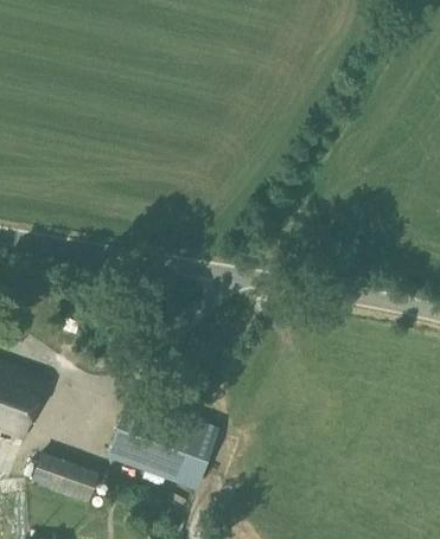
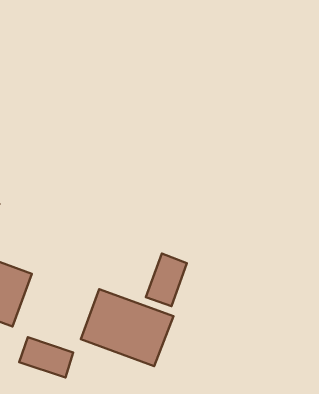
building: none -> [146,254,187,306]

